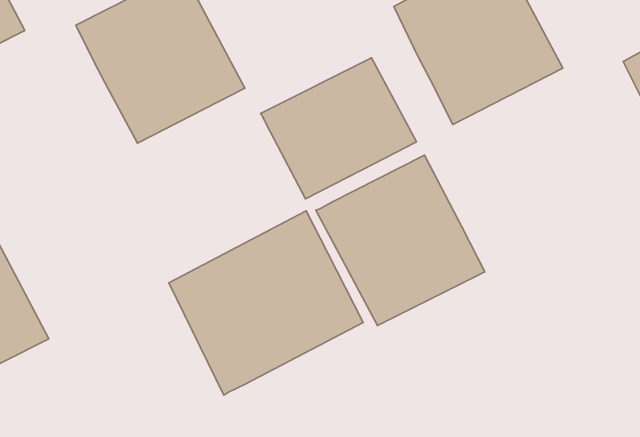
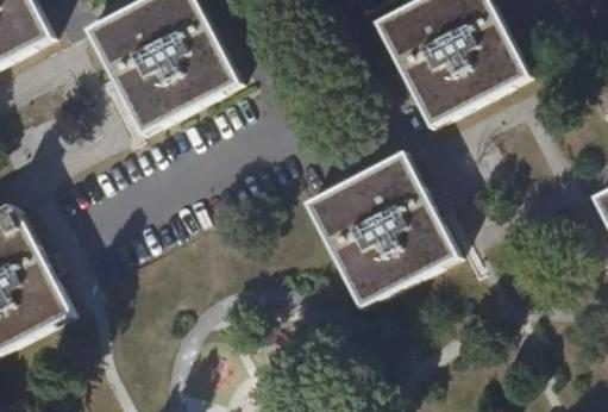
building: [260,58,416,199] -> none
building: [169,211,363,395] -> none

